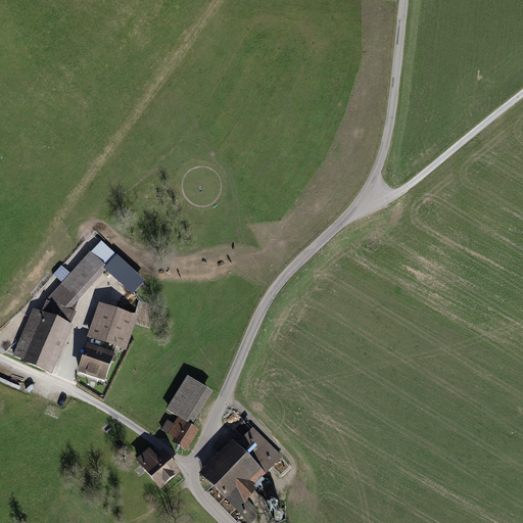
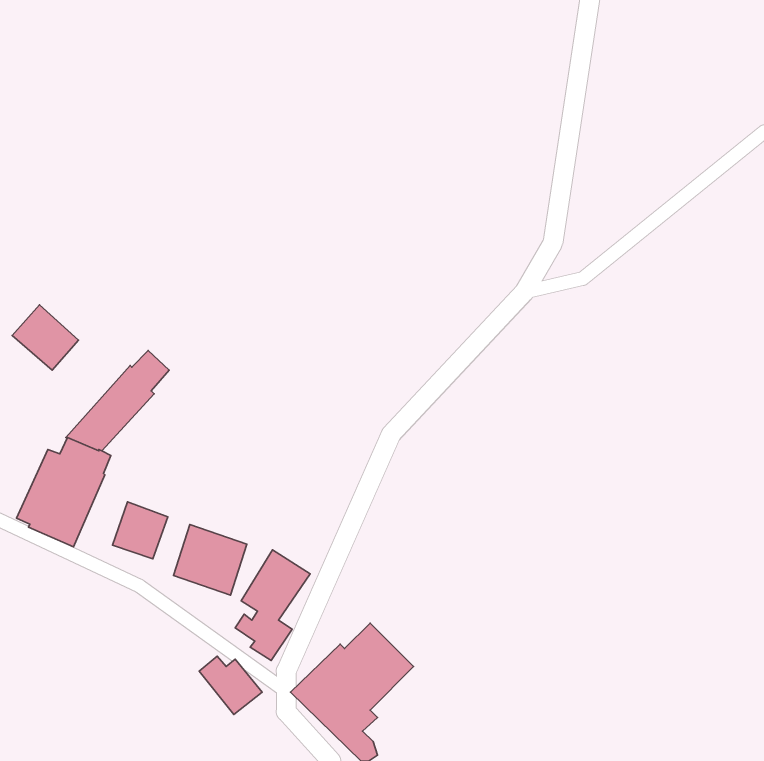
building: none -> [12,305,78,370]
building: [103,252,145,293] -> none
building: [87,301,137,349] -> [173,525,247,595]

